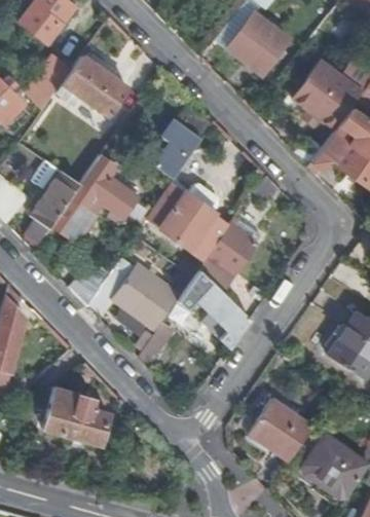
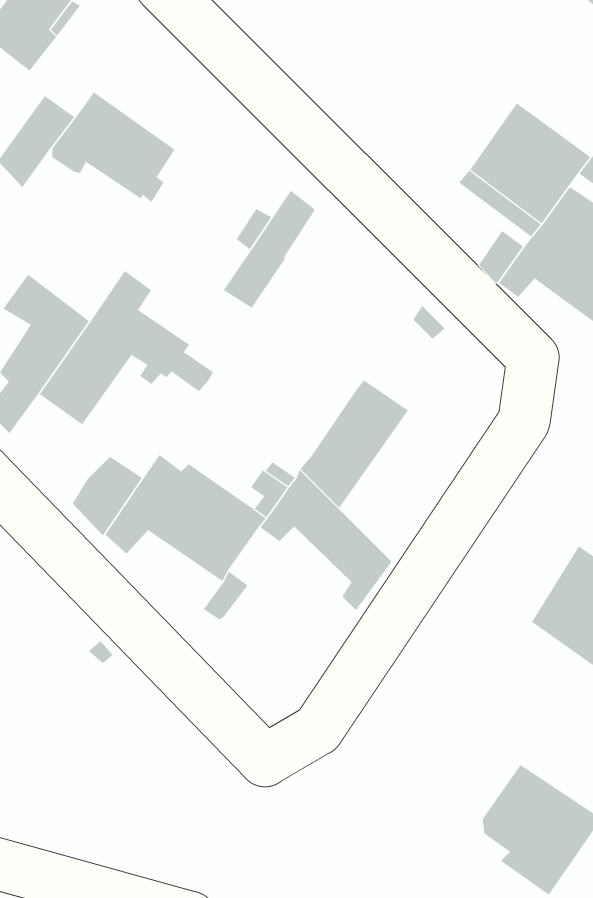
building: [227,12,288,74] -> none
building: [148,184,229,260] -> none
building: [43,386,109,444] -> none
building: [248,398,312,461] -> none

